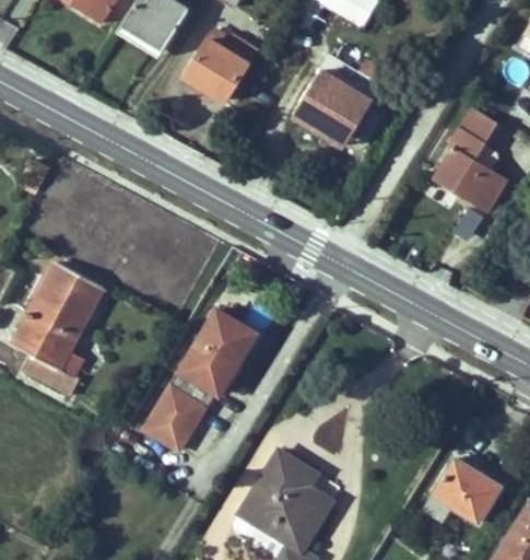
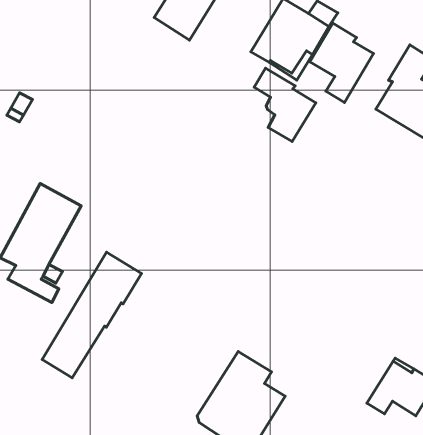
building: none -> [310,23,373,102]
building: none -> [254,68,316,142]
building: [145,308,257,450] -> [42,252,142,378]

